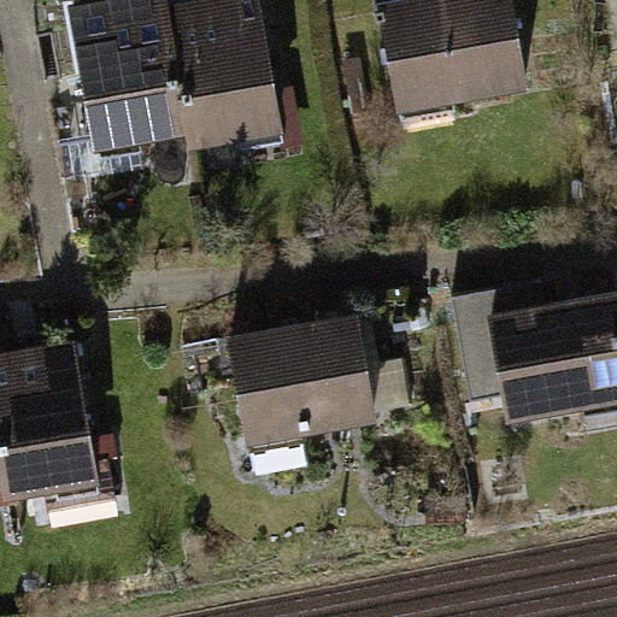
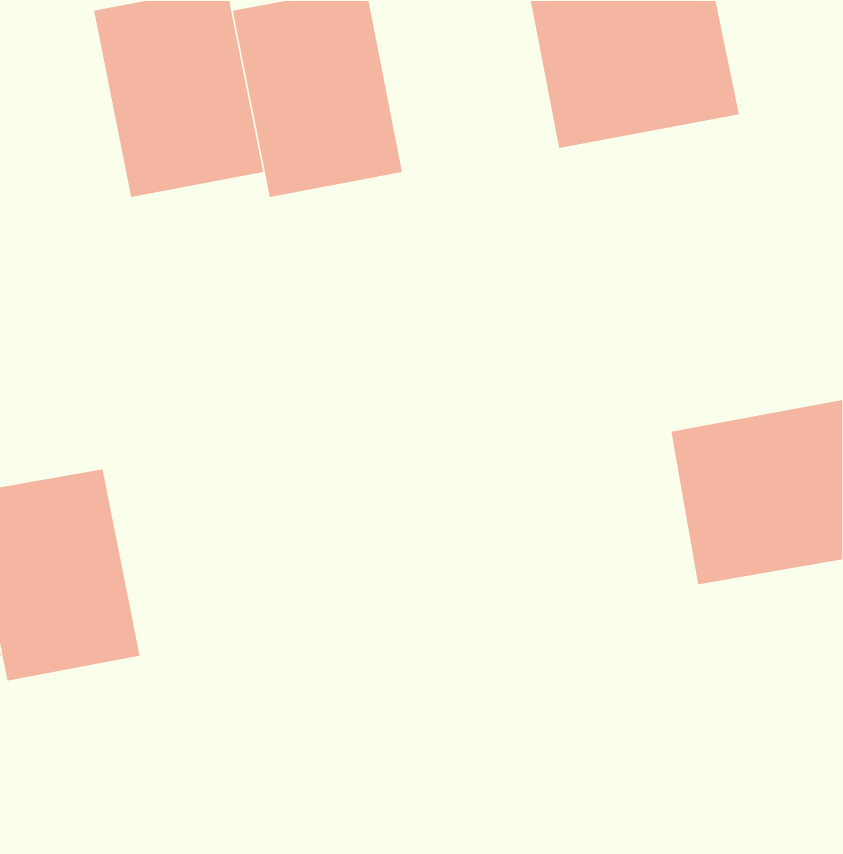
building: [217,315,377,446] -> none

